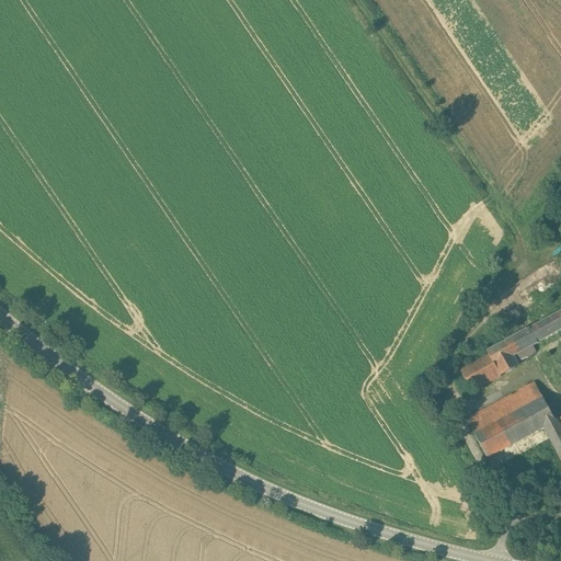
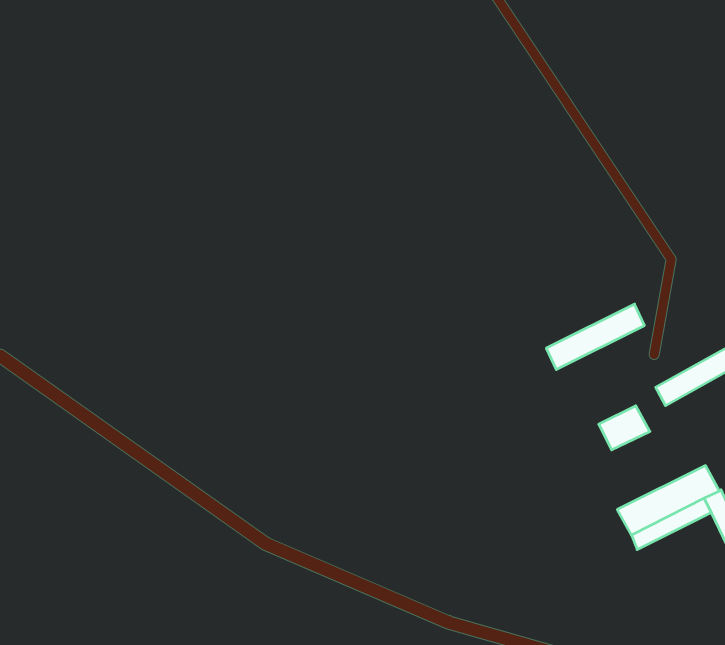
building: [490,340,519,371] -> none
building: [469,381,545,432] -> [546,304,644,370]

